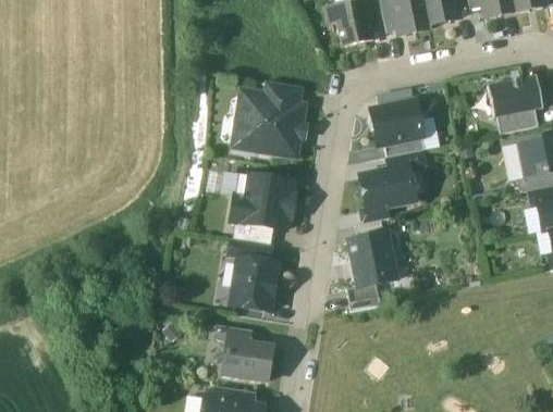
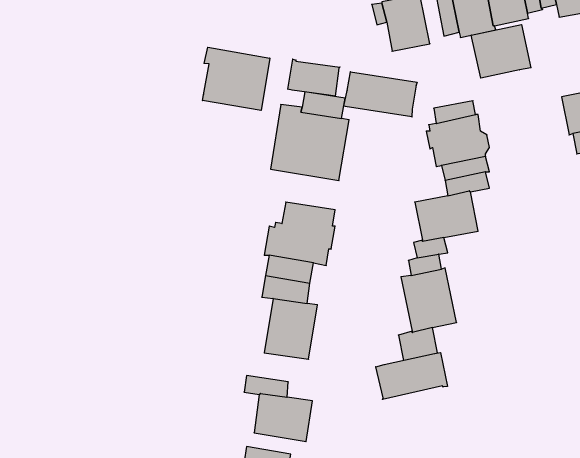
building: none -> [471,25,531,78]
building: none -> [203,47,270,110]
building: none -> [288,59,340,96]
building: none -> [344,72,417,117]
building: none -> [376,353,447,399]

